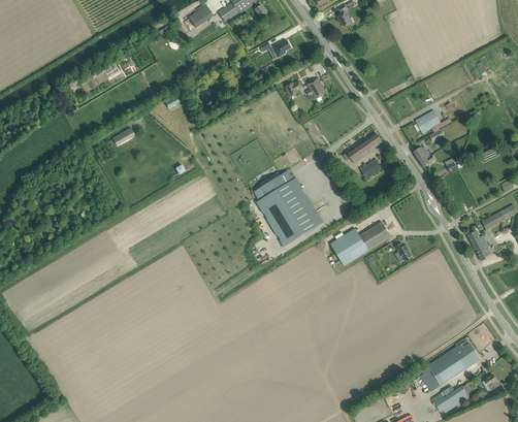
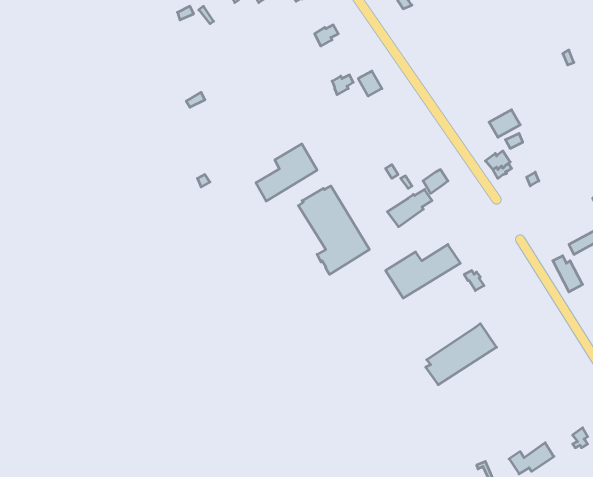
building: [345,132,382,163] -> [387,189,432,227]
building: none -> [256,144,317,201]
building: [420,339,479,390] -> [426,324,497,385]

